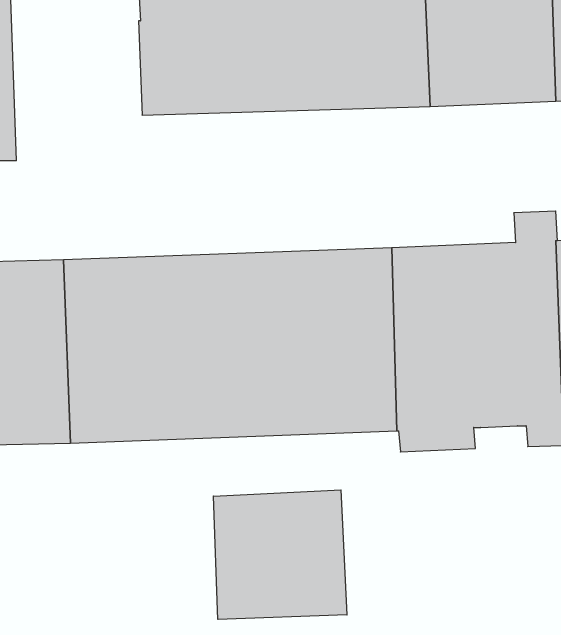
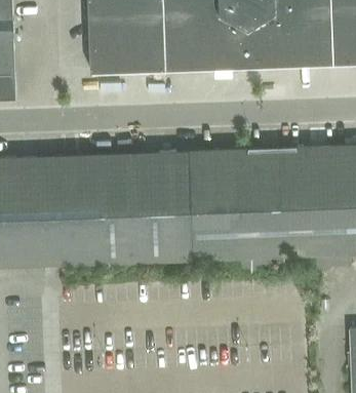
building: [213,490,347,619] -> none

